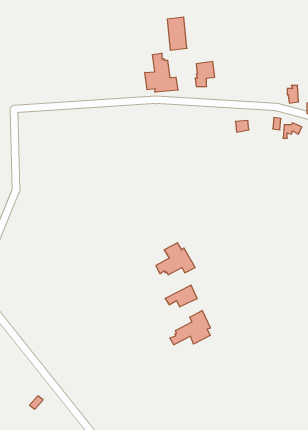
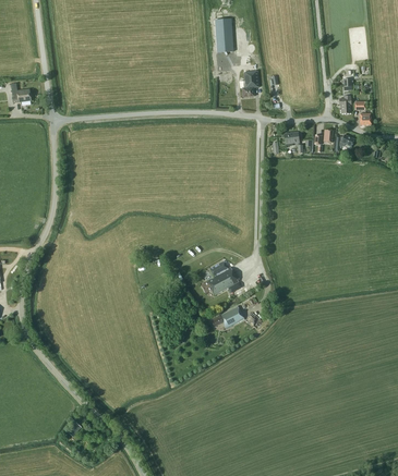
building: [145,53,178,92] -> none
building: [170,310,210,345] -> none

